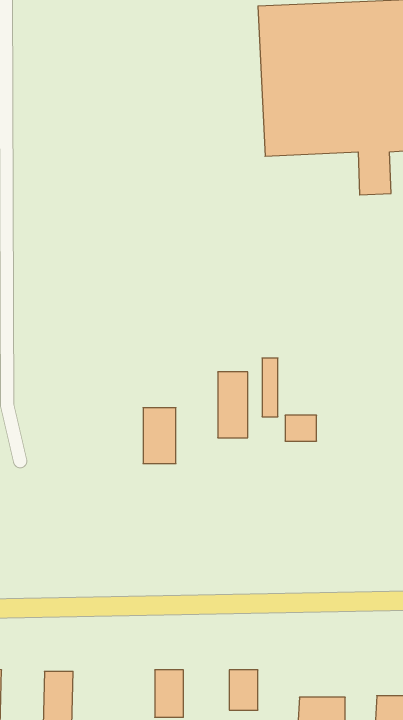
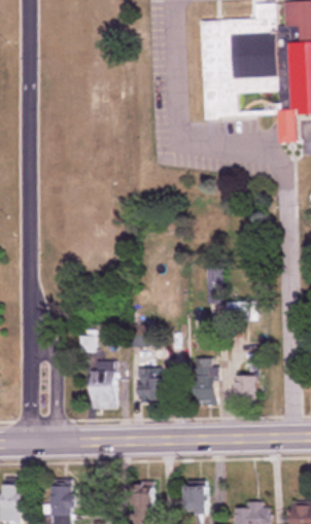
building: [218,372,248,438] -> [195,357,216,405]
building: [143,408,176,464] -> [91,368,114,408]
building: none -> [137,366,171,399]
building: none -> [235,375,255,400]

